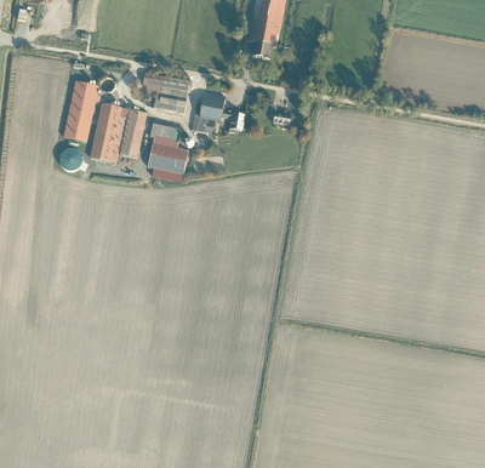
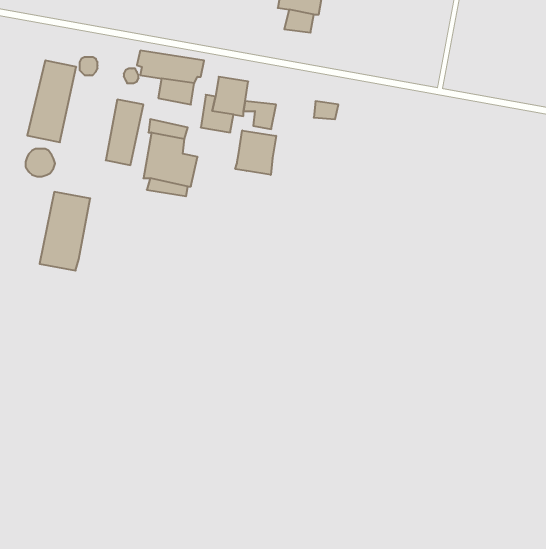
building: [90,104,127,162] -> [40,192,90,271]
building: none -> [235,130,276,175]

